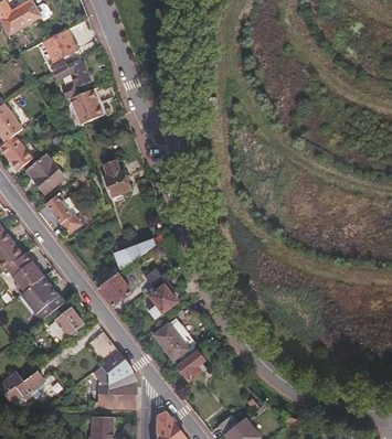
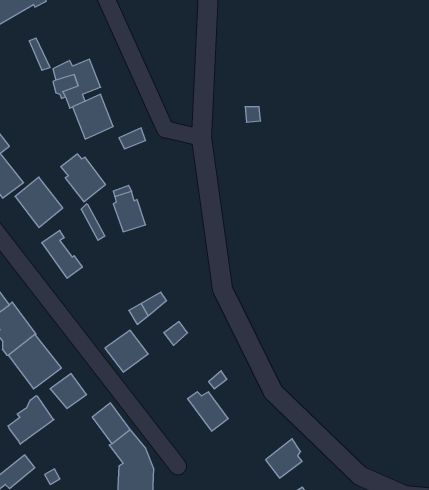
building: [46,28,80,61] -> none
building: none -> [61,154,105,202]
building: [148,285,176,318] -> none
building: none -> [8,396,54,444]
building: [178,351,206,382] -> [266,439,302,478]

